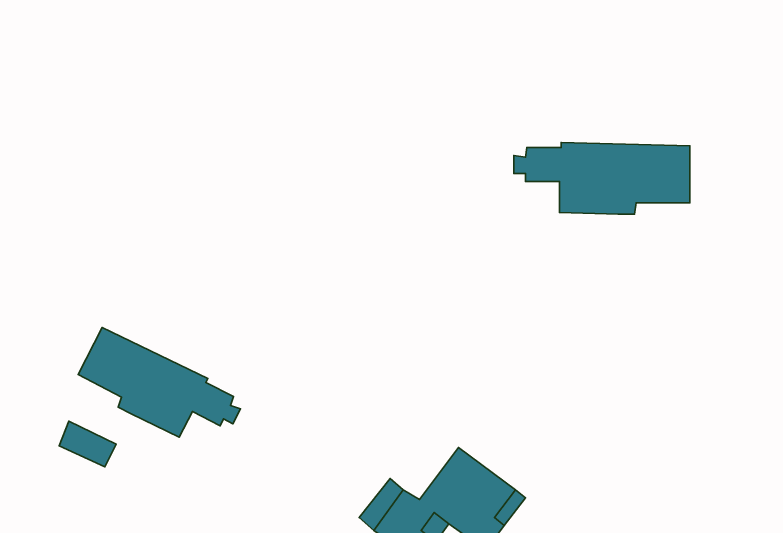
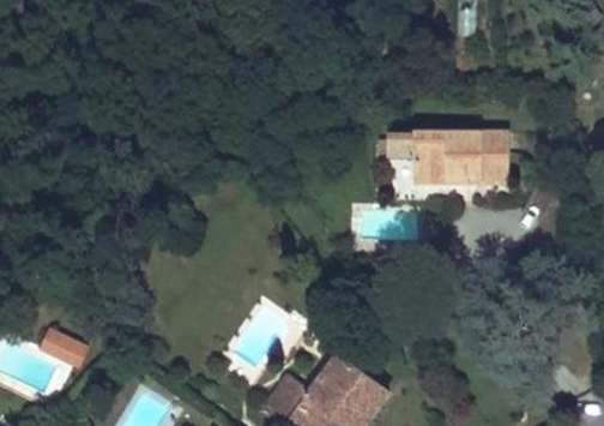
building: [78,327,240,437] -> none

